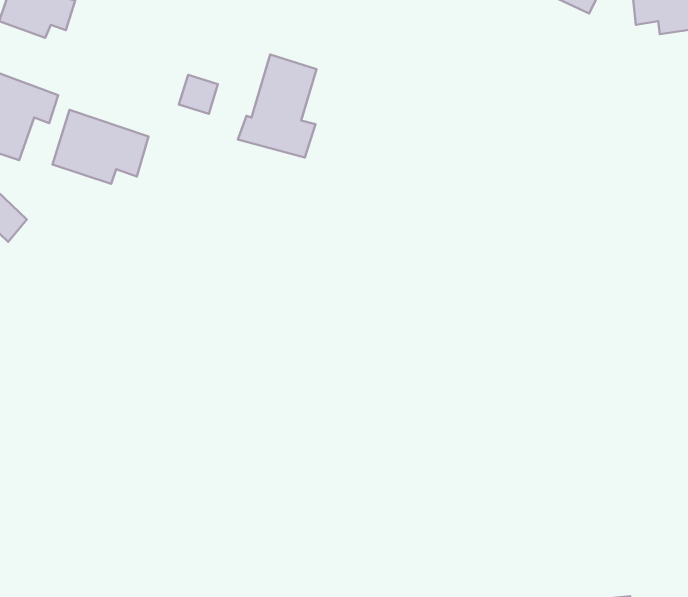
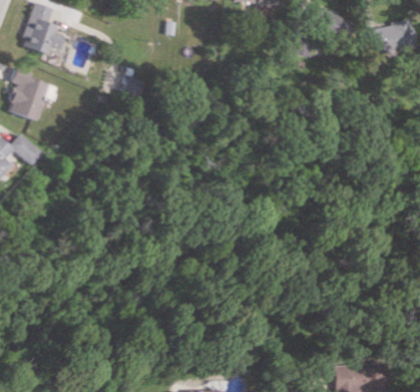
building: [238,55,317,157] -> none
building: [53,110,149,184] -> none

